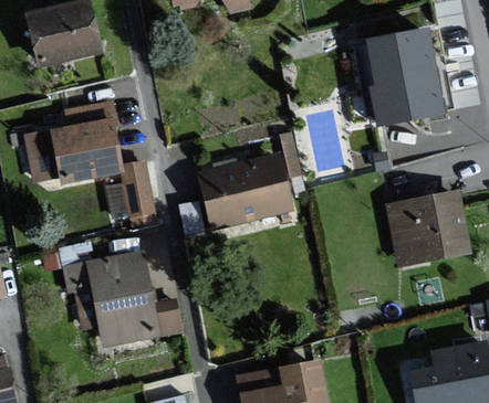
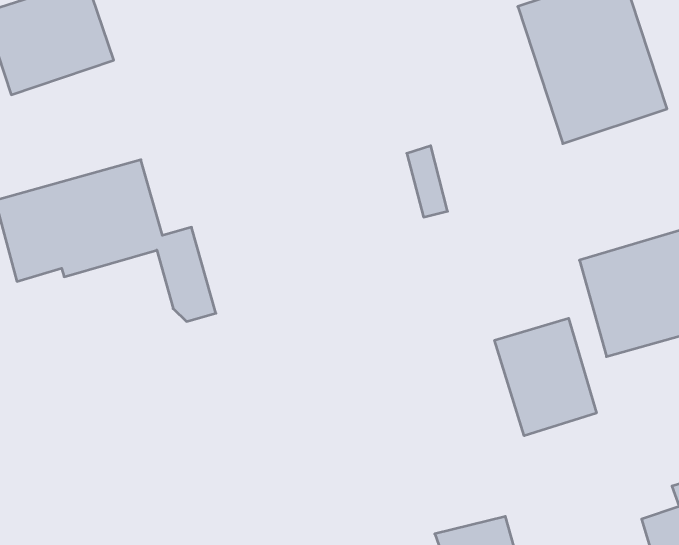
building: [197,156,290,229] -> none
building: none -> [495,318,596,436]
building: [63,251,179,344] -> none

